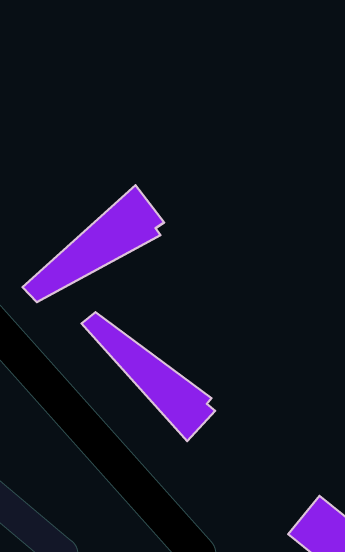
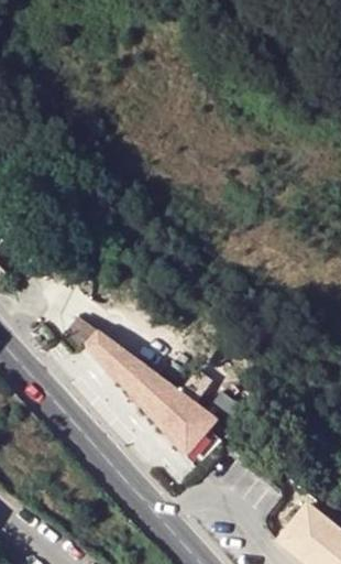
building: [23,185,164,302] -> none

